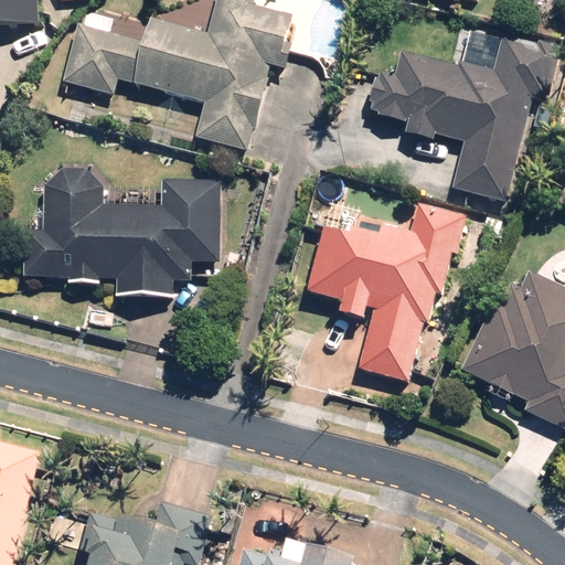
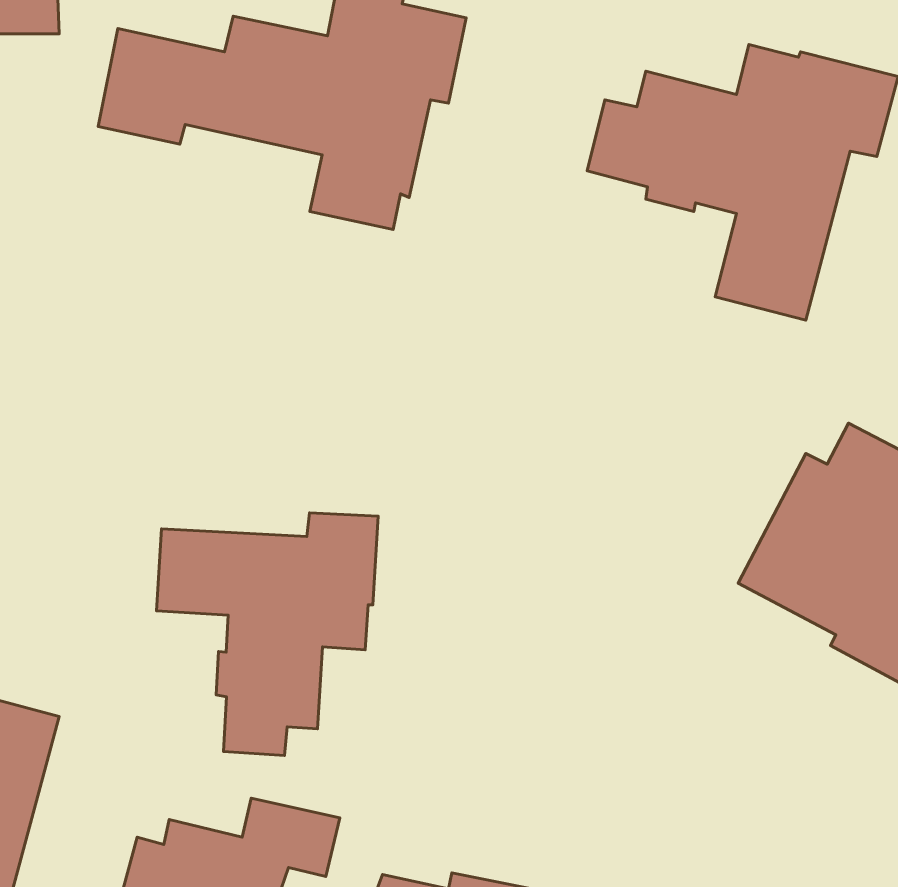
building: [24,168,224,297] -> none
building: [306,202,467,381] -> none
building: none -> [156,513,378,756]

